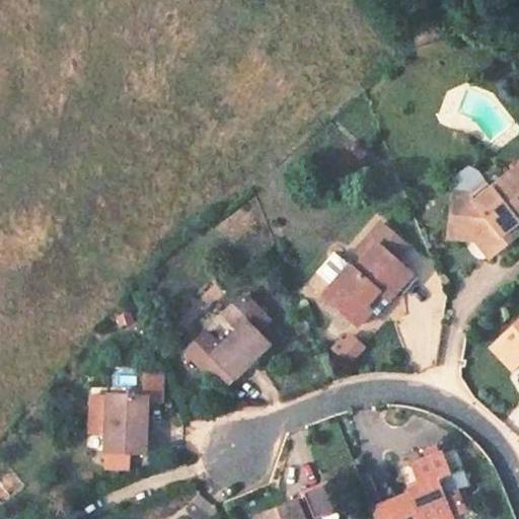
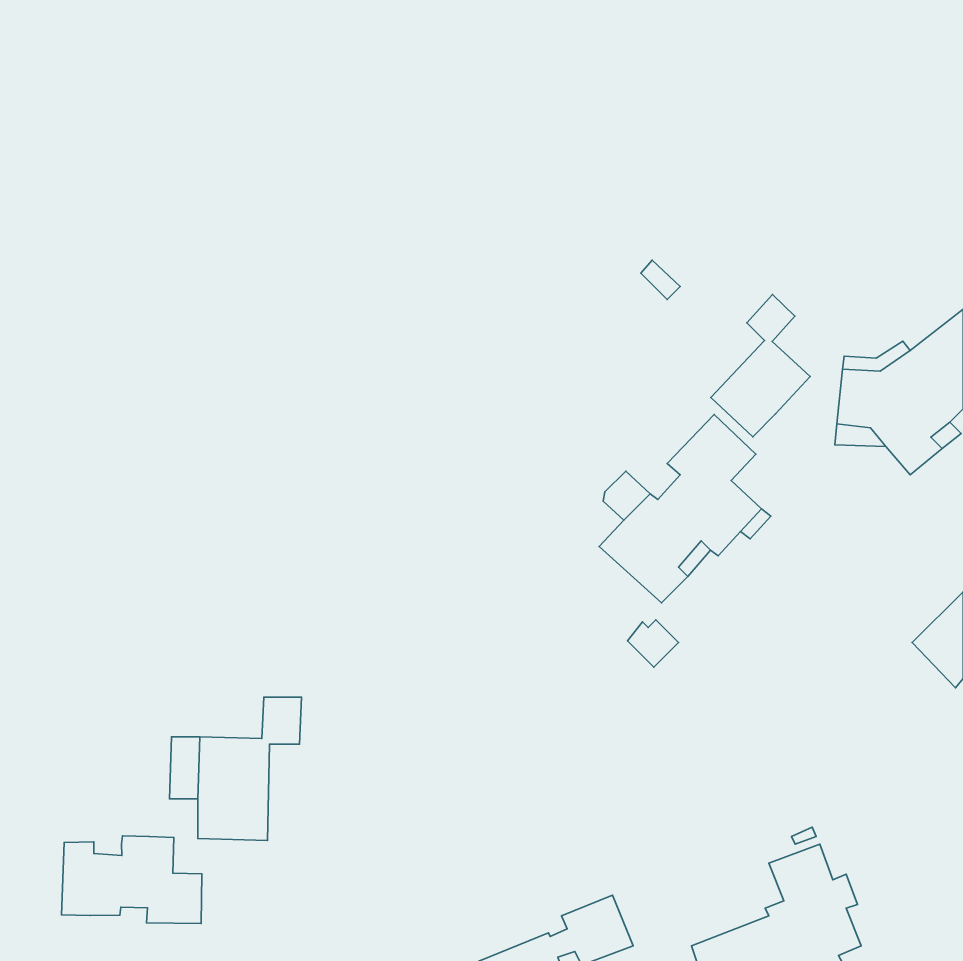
building: none -> [711,294,810,437]
building: [189,296,269,387] -> none
building: none -> [61,836,202,923]

